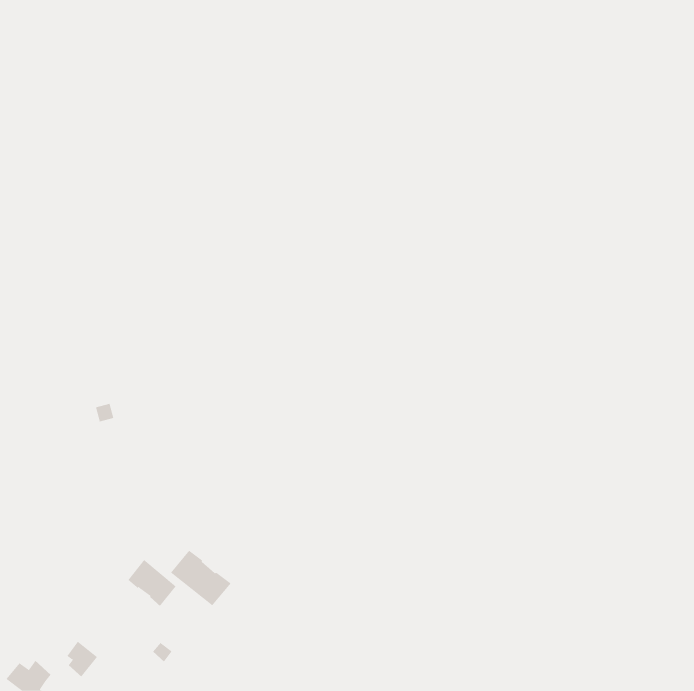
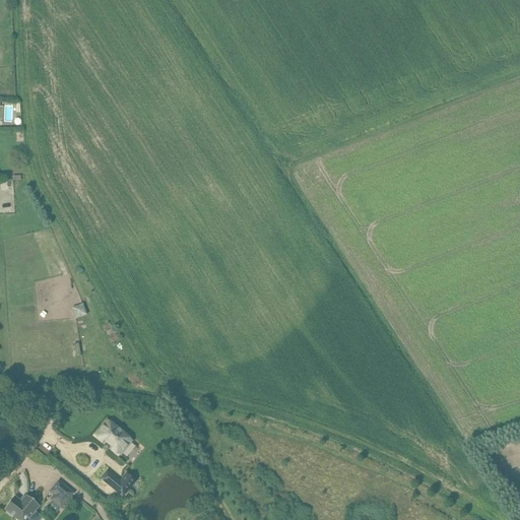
building: [170,550,231,606] -> none

